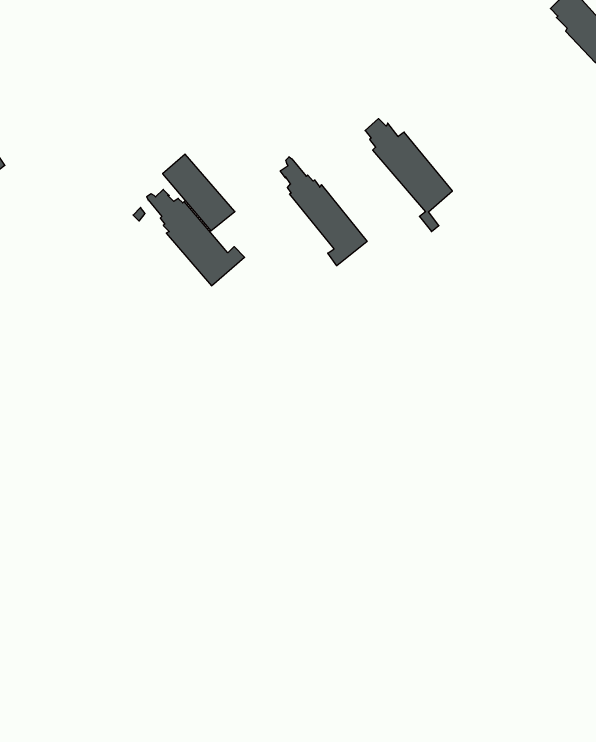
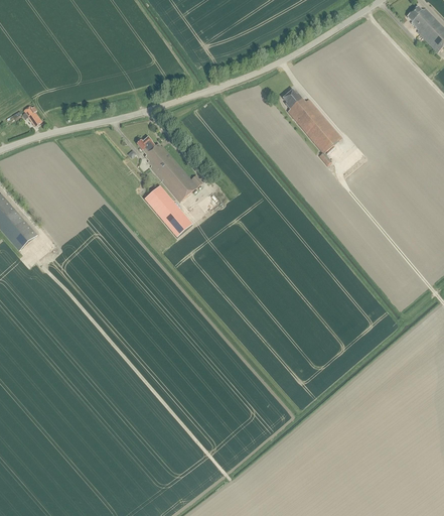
building: [163,154,235,231] -> [145,185,193,237]
building: [280,157,367,266] -> none

